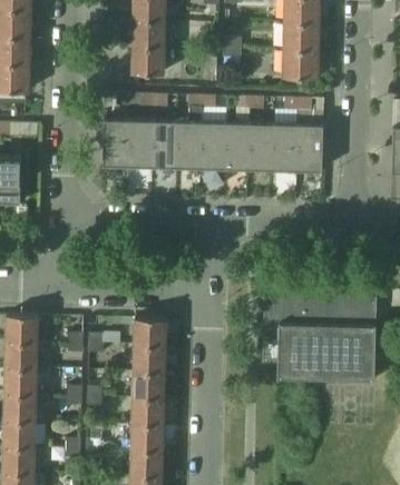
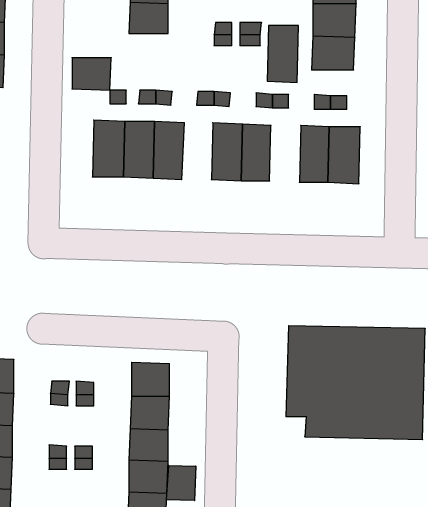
building: [133,48,165,75] -> [72,58,111,90]
building: [176,121,202,168] -> none
building: [248,123,274,170] -> [267,26,298,82]
building: none -> [167,465,196,501]

